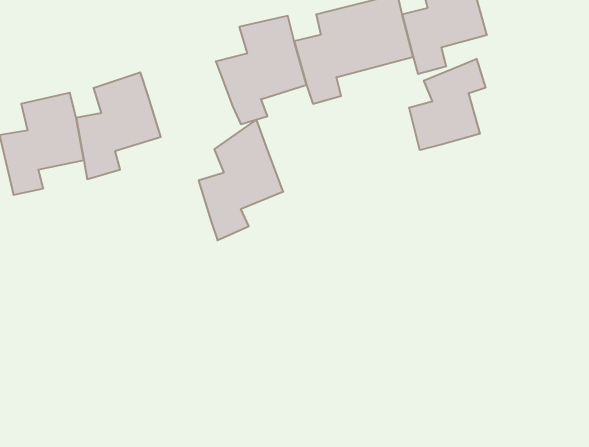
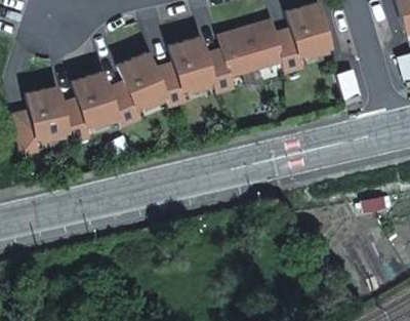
building: [409,59,485,150] -> none
building: [199,119,283,240] -> [110,47,165,126]

